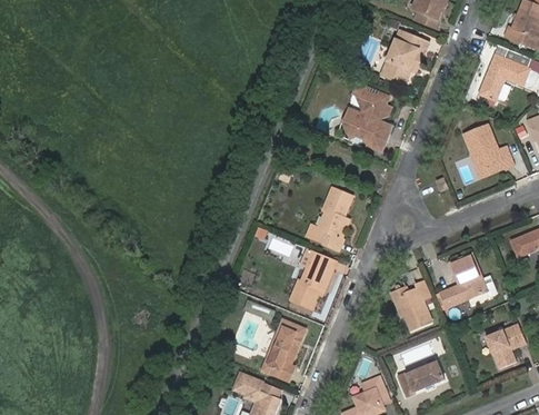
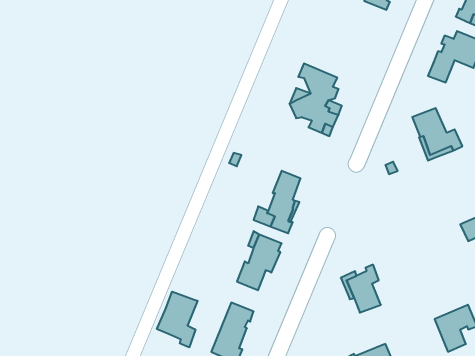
building: [380,30,426,83] -> none
building: [440,255,487,308] -> none
building: none -> [157,292,198,347]

